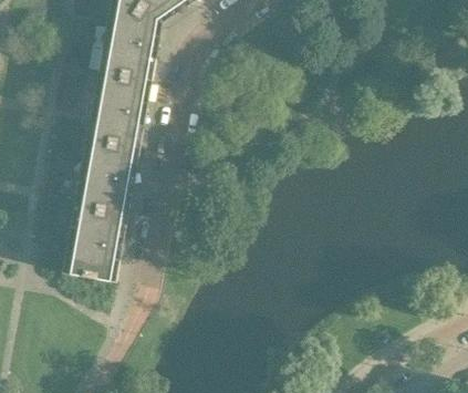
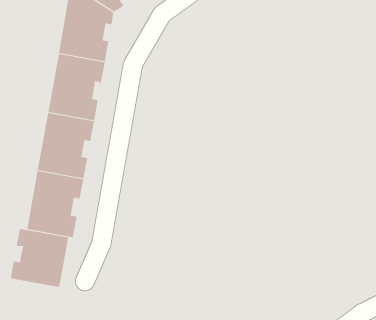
building: none -> [10,228,69,288]

